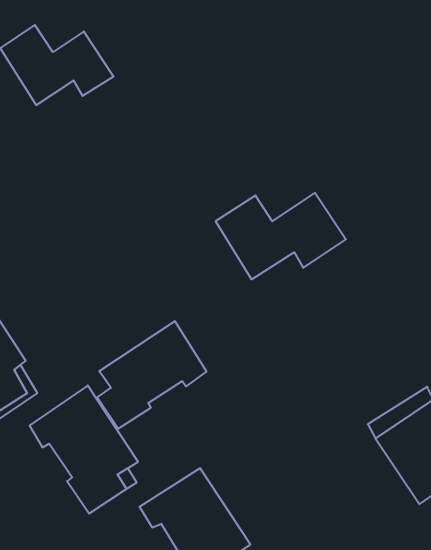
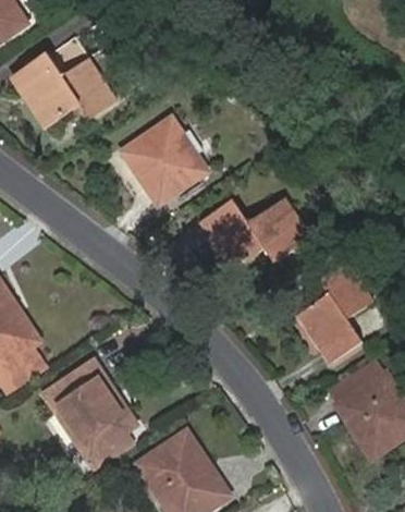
building: none -> [119,117,205,204]
building: none -> [297,261,371,361]
building: [97,321,206,429] -> none

